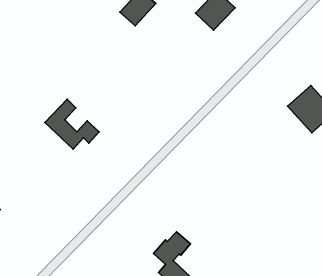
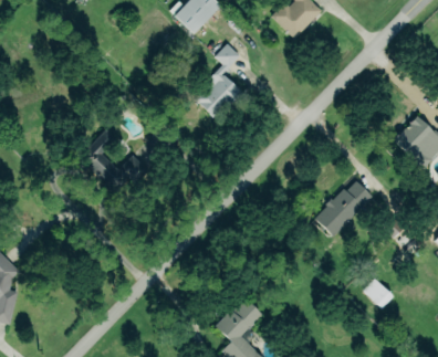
building: none -> [196,43,243,117]
building: none -> [314,179,372,238]
building: none -> [363,279,393,309]

